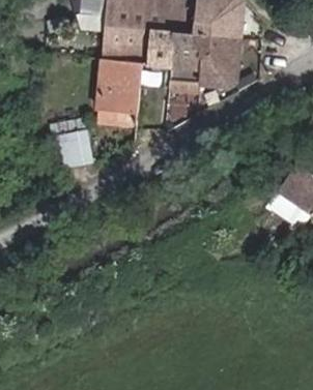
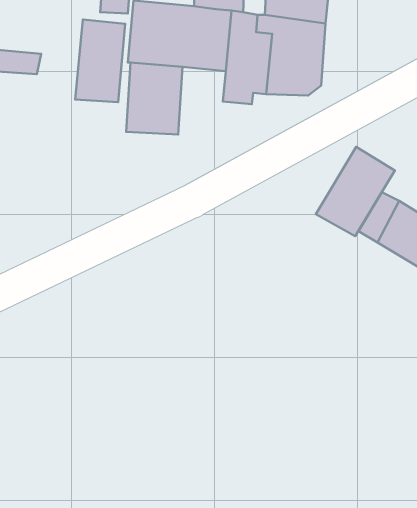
building: none -> [75,20,125,102]
building: none -> [316,147,395,236]
building: [55,131,93,163] -> none

